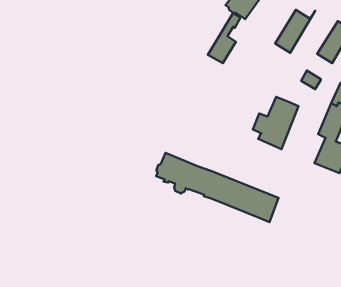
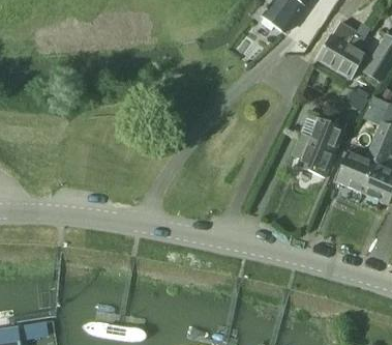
building: [208,13,241,63] -> [334,23,370,79]
building: none -> [336,152,373,192]
building: [156,153,278,222] -> none

